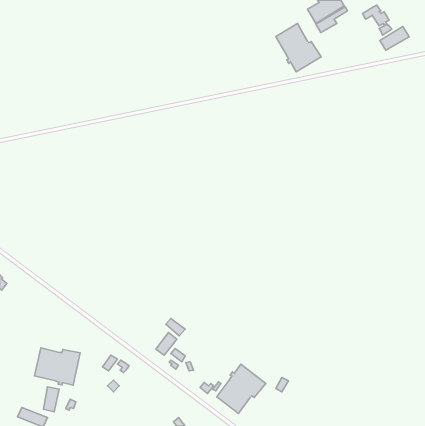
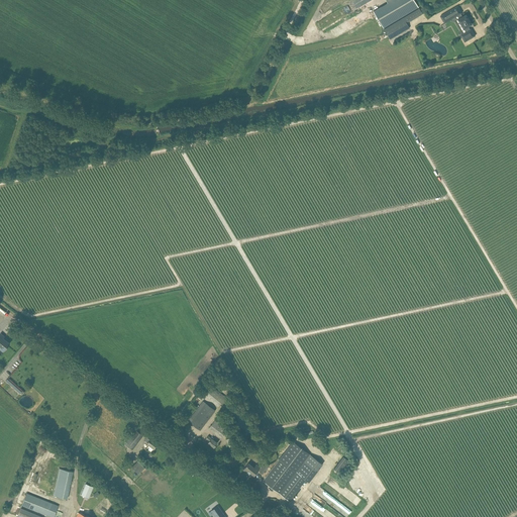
building: [276,24,321,72] -> none
building: [380,26,409,50] -> none
building: [35,348,80,385] -> none

